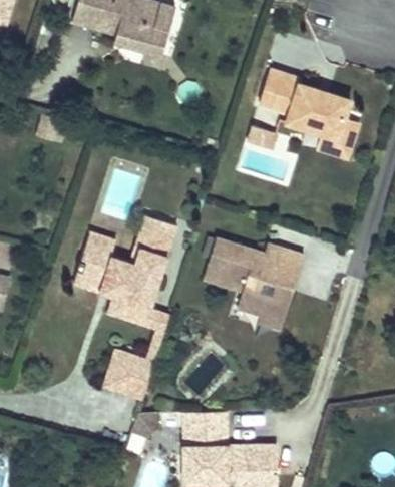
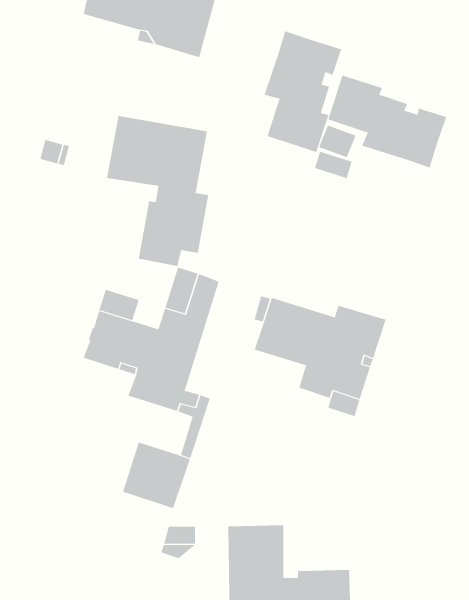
building: none -> [264,30,342,153]
building: none -> [107,115,209,267]
building: [316,117,359,158] -> none

